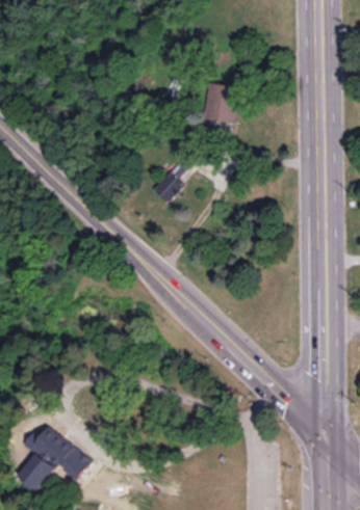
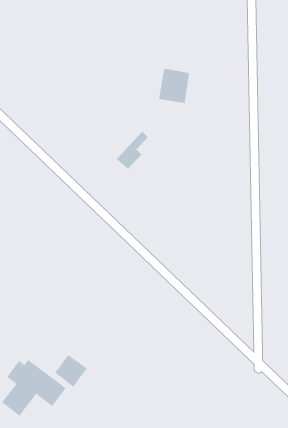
building: none -> [54,354,88,388]

